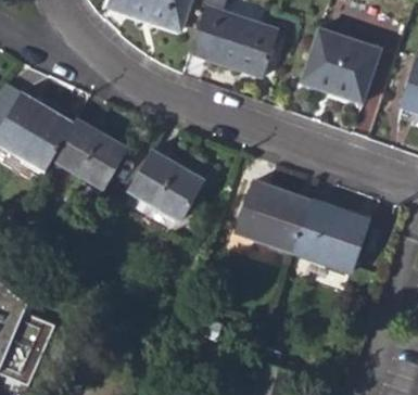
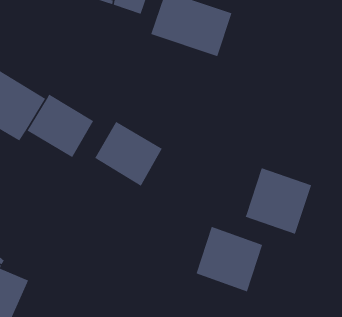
building: [300,27,381,103] -> none
building: [236,179,311,253] -> [195,226,263,293]

